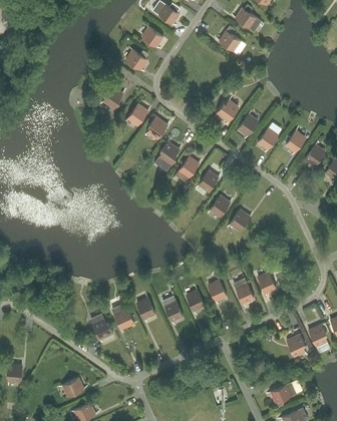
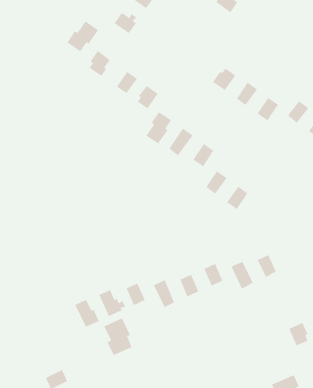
building: none -> [67,20,99,52]
building: none -> [104,318,132,356]

